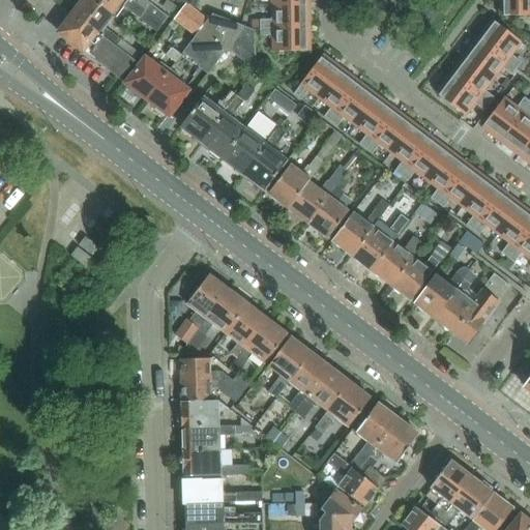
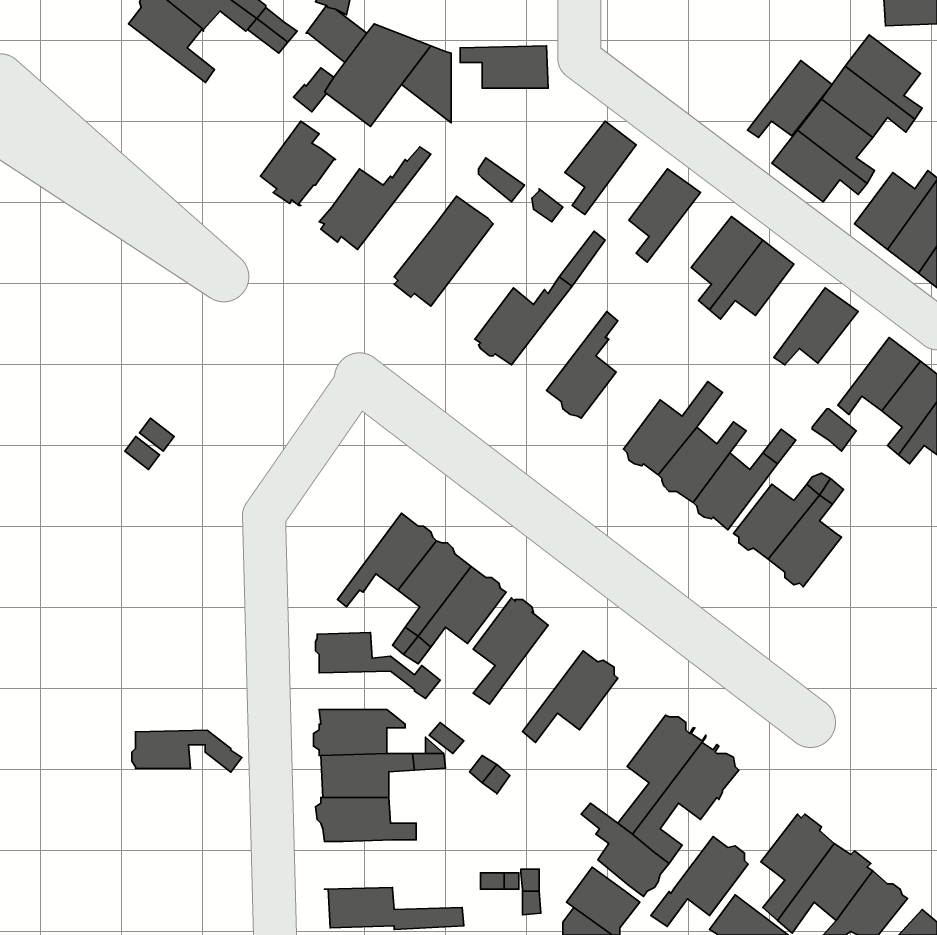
building: [259,4,308,27] -> none
building: [60,13,134,78] -> none
building: [294,54,342,98] -> none
building: [124,56,170,99] -> none
building: [330,82,377,125] -> none
building: [202,84,255,158] -> none
building: [365,109,413,152] -> [748,61,832,138]
building: [243,126,288,189] -> none
building: [426,149,466,202] -> none
building: [289,166,346,220] -> none
building: [462,176,502,229] -> none
building: [332,199,389,254] -> none
building: [453,273,510,342] -> none
building: [175,275,227,345] -> none
building: [287,353,329,413] -> none
building: [178,379,240,403] -> [132,730,242,772]
building: [314,383,369,434] -> [651,837,748,926]
building: [183,478,262,502] -> none

